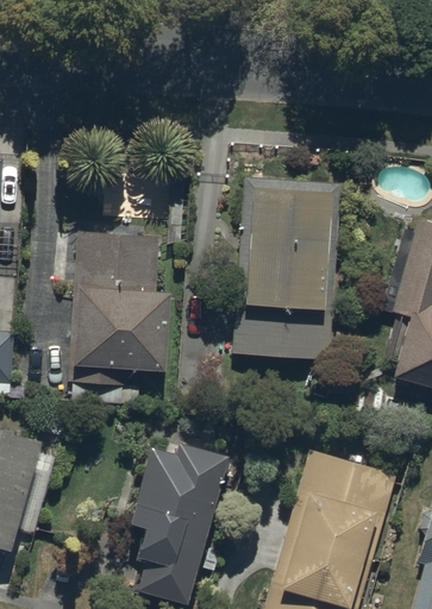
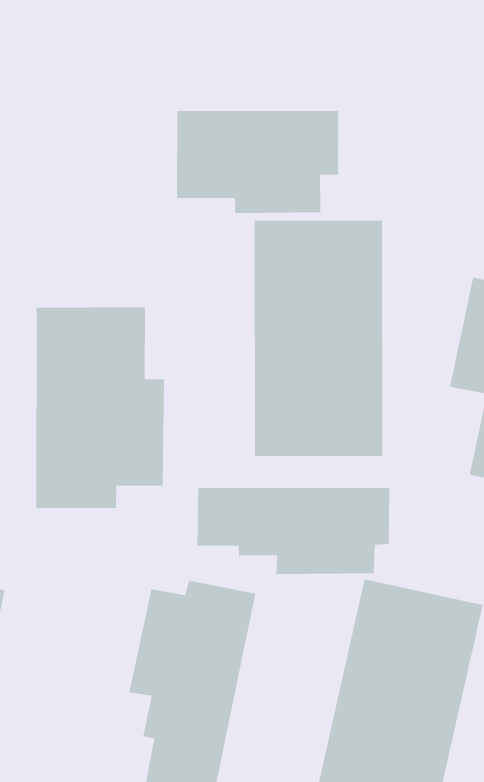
building: none -> [177,110,339,214]
building: none -> [197,487,390,575]

